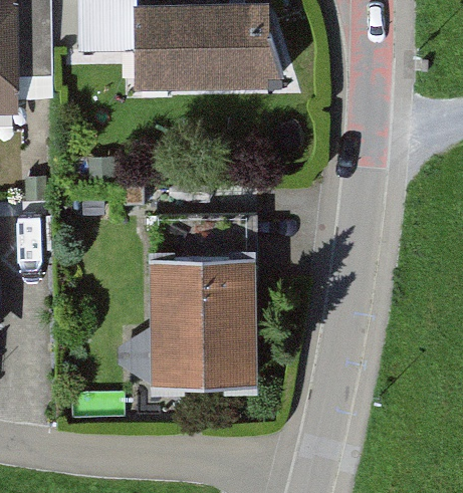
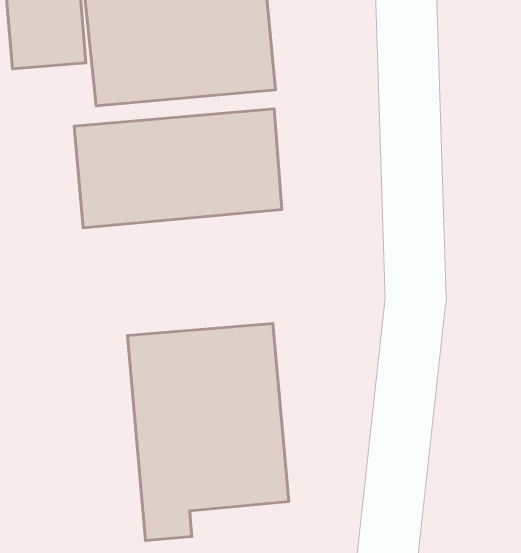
building: none -> [74,109,282,228]

